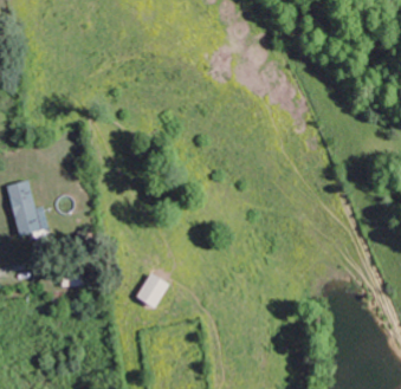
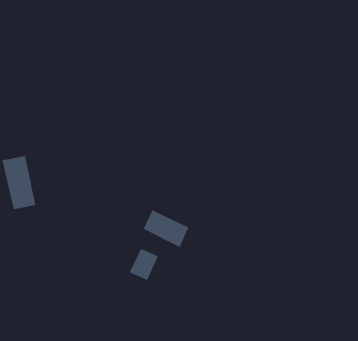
building: none -> [143,209,189,248]

